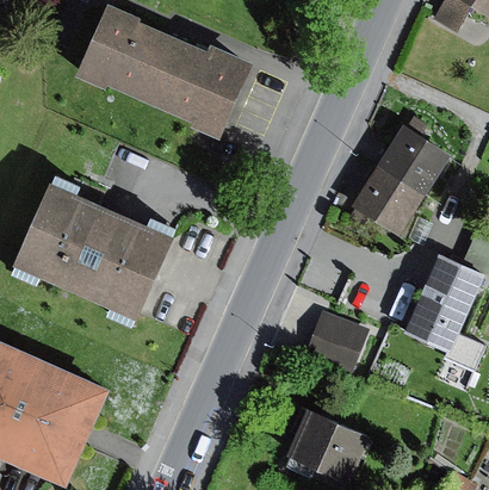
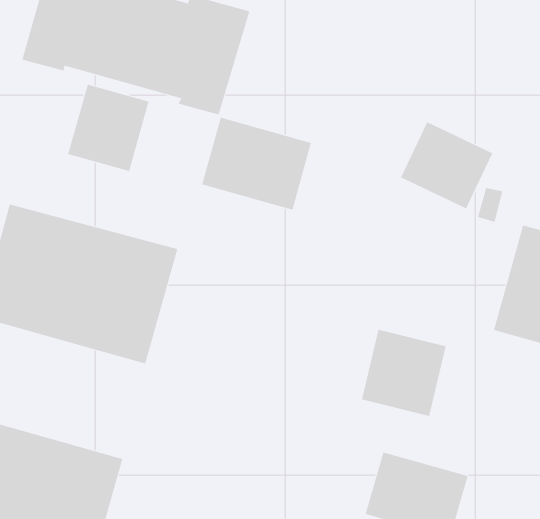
building: none -> [68,84,149,172]
building: [376,125,450,197] -> none
building: none -> [202,117,312,210]

